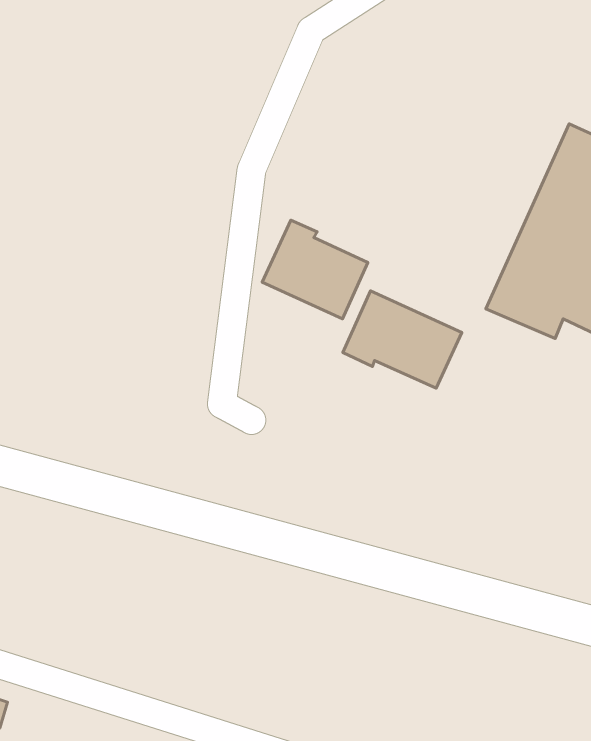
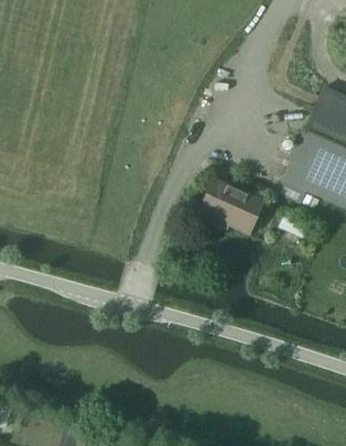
building: [262,220,368,319] -> none

